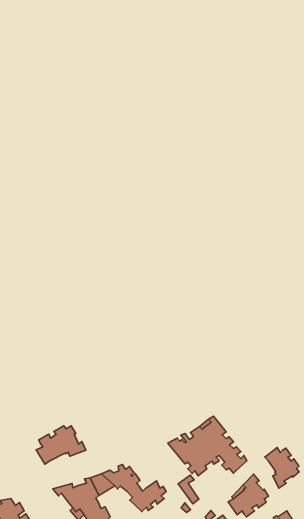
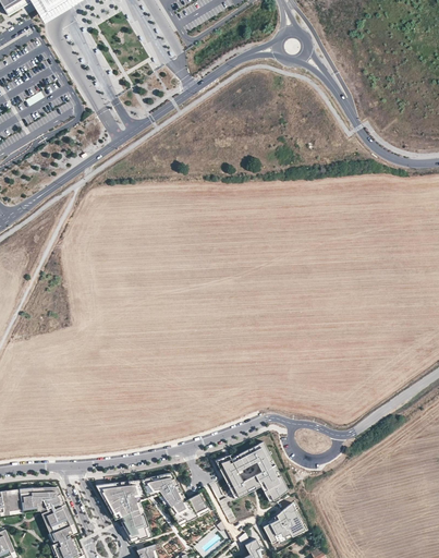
building: [36,426,86,464] -> none
building: [265,448,299,488] -> none

